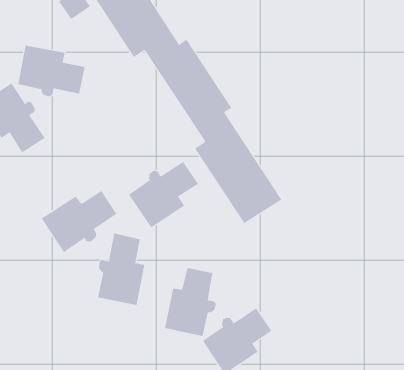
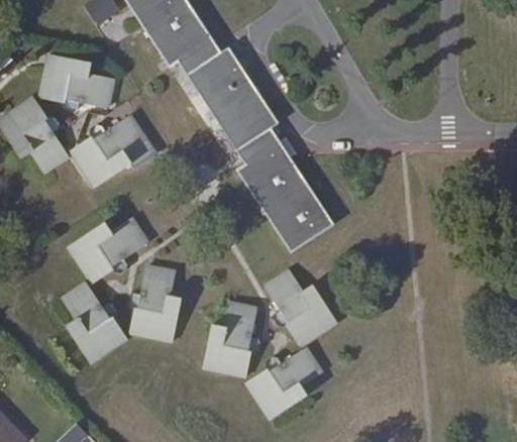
building: [128,161,199,228] -> [69,114,147,189]
building: none -> [264,269,338,348]
building: none -> [61,281,128,365]

